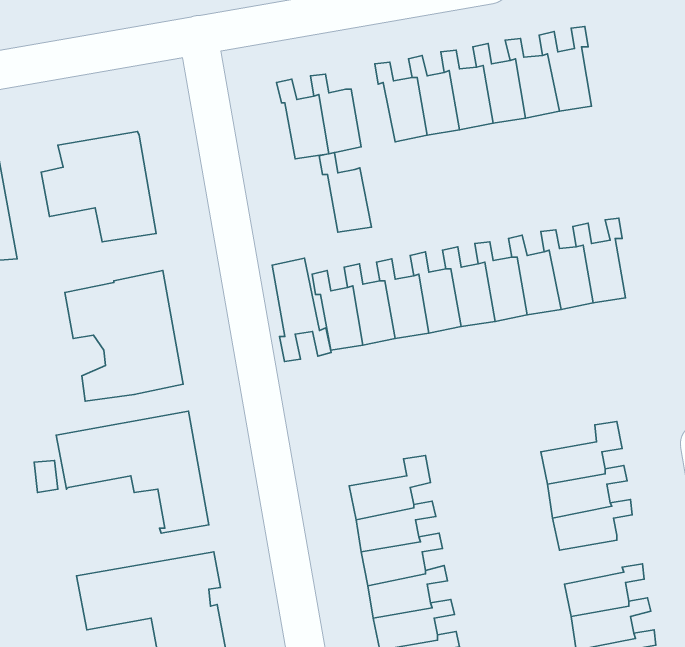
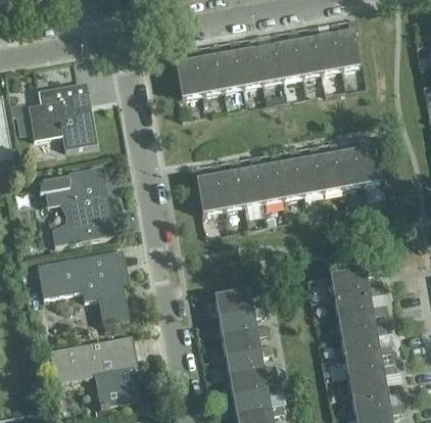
building: [319,153,372,232] -> [209,43,241,91]
building: [272,258,331,361] -> none
building: none -> [340,323,388,355]

